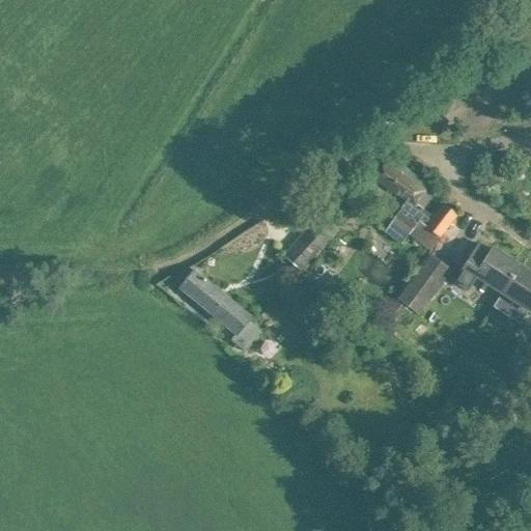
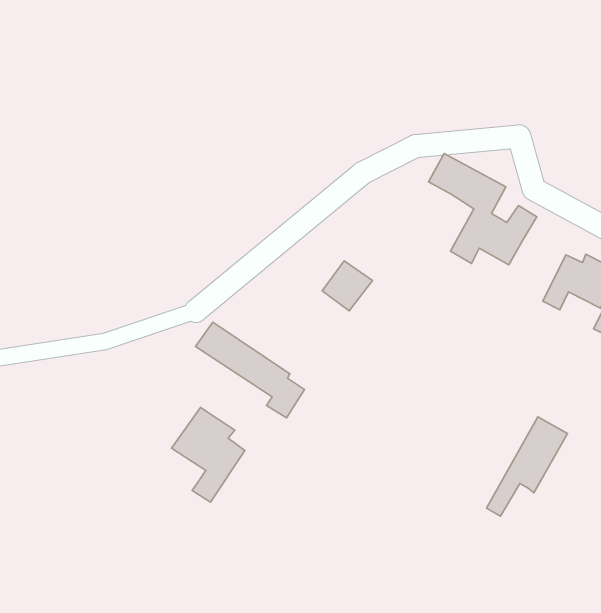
building: [381,254,450,329] -> [487,417,568,516]
building: none -> [172,408,245,502]

